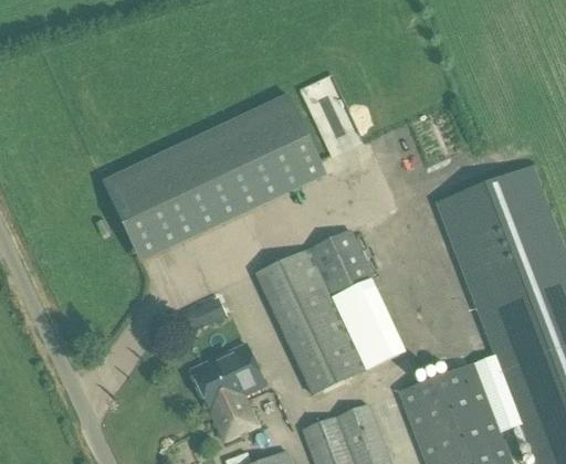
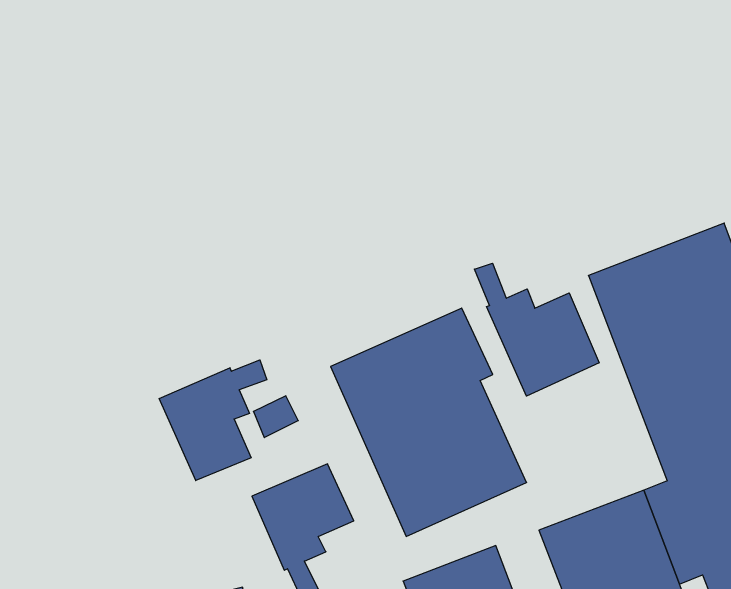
building: [108,99,321,250] -> none
building: none -> [474,263,599,396]
building: none -> [159,360,267,481]

